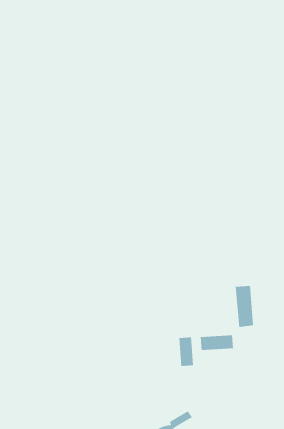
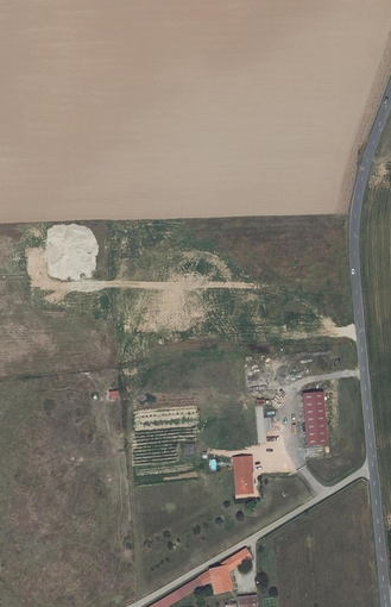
building: [200,335,233,351] -> none

